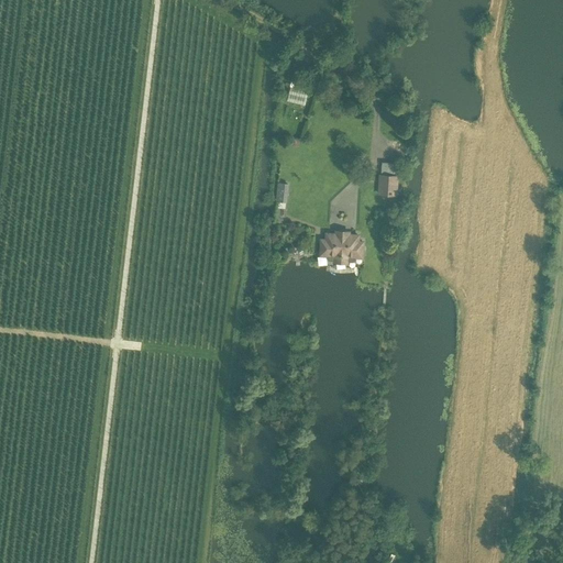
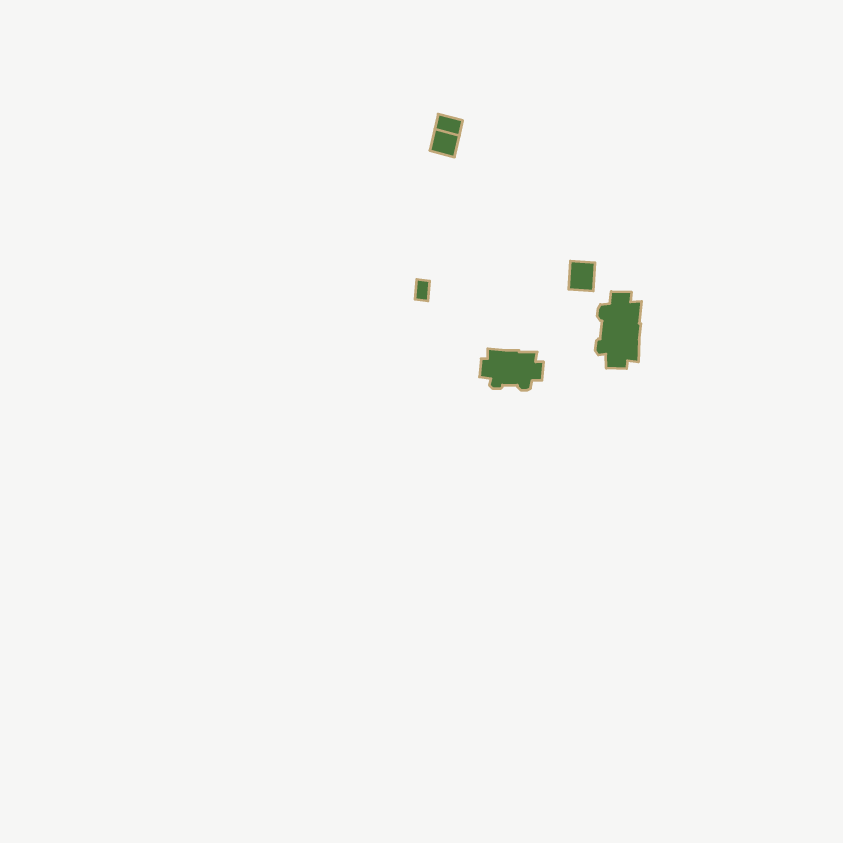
building: none -> [595,291,642,369]

